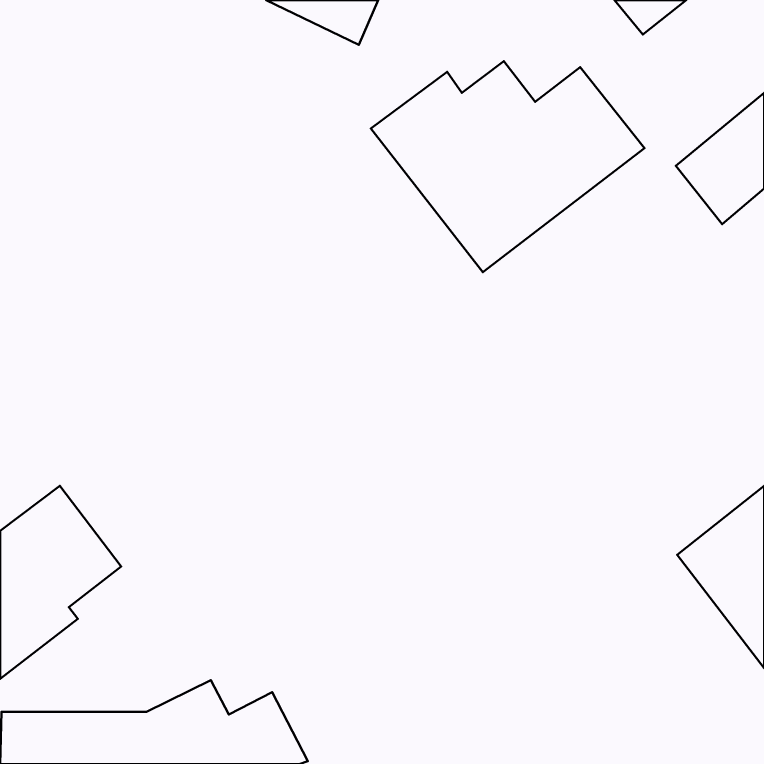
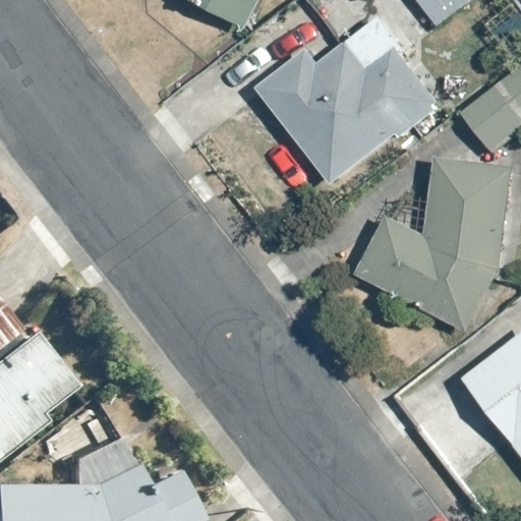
building: none -> [352,158,510,335]

